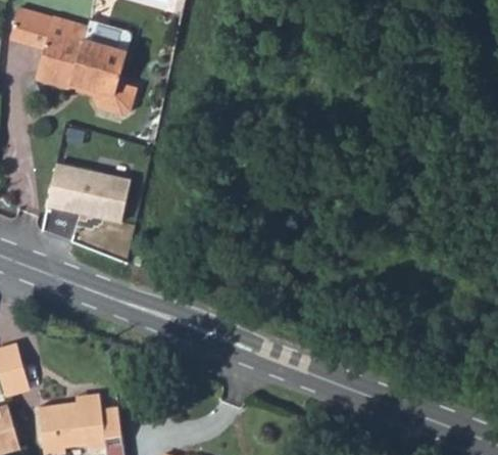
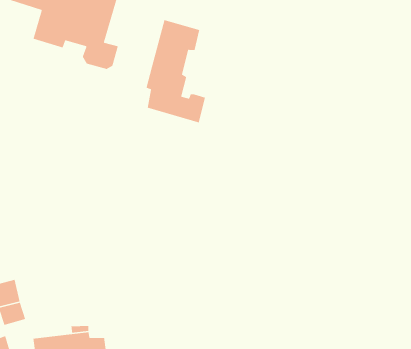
building: none -> [145,19,206,123]
building: [47,162,131,223] -> none

